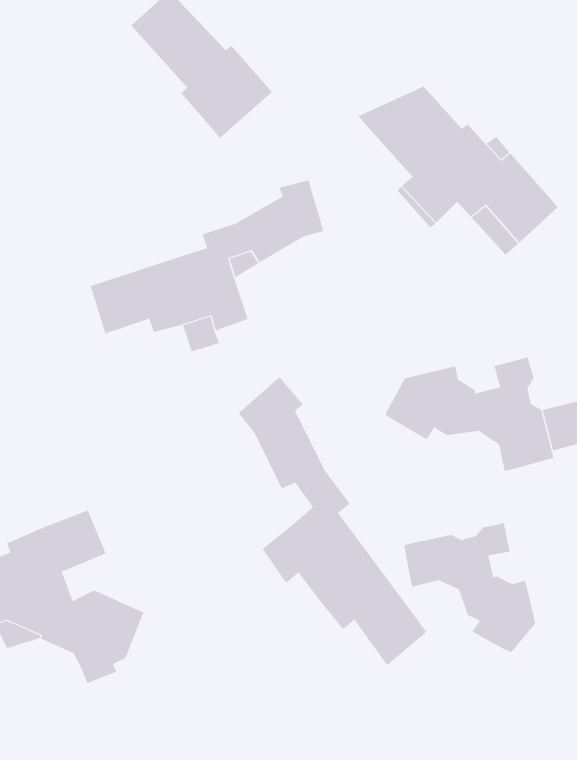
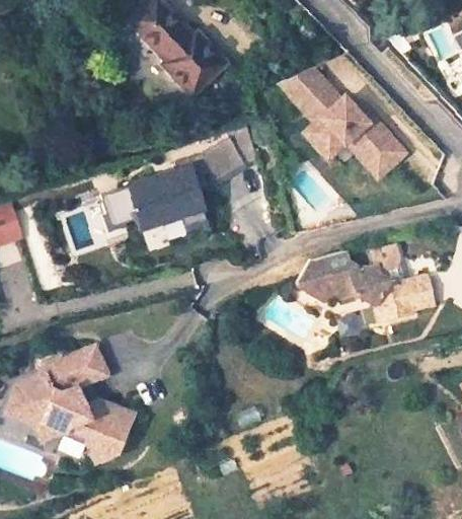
building: [238,376,427,666] -> none
building: [404,523,536,653] -> none

